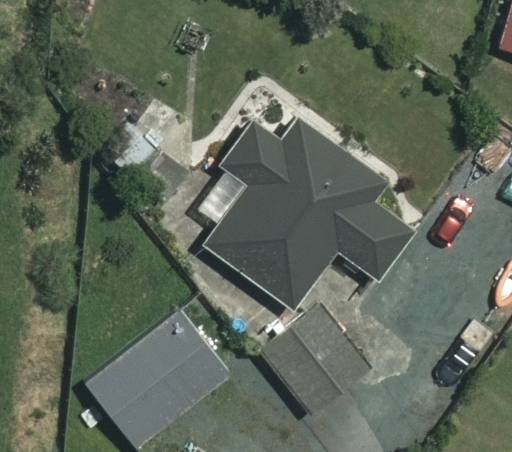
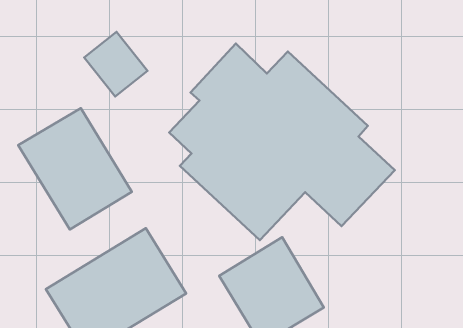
building: none -> [18,108,132,229]

